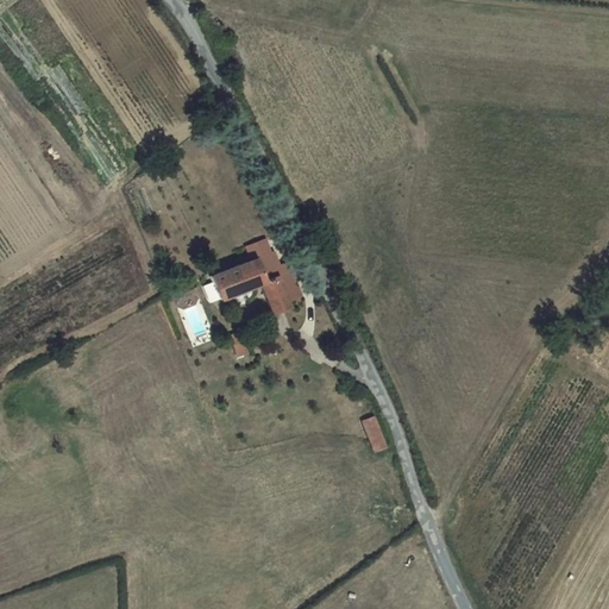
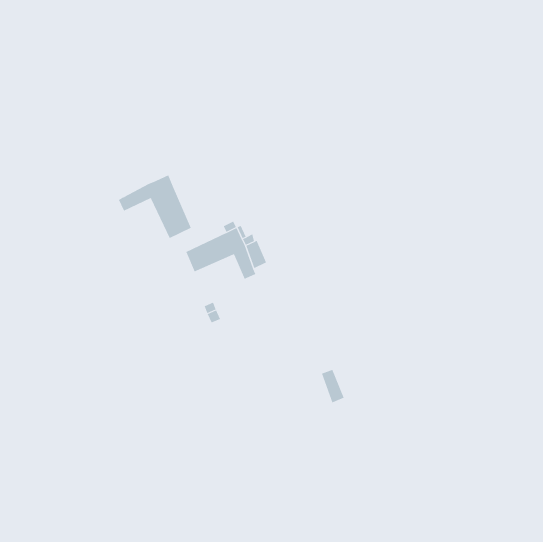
building: none -> [118,174,192,239]

